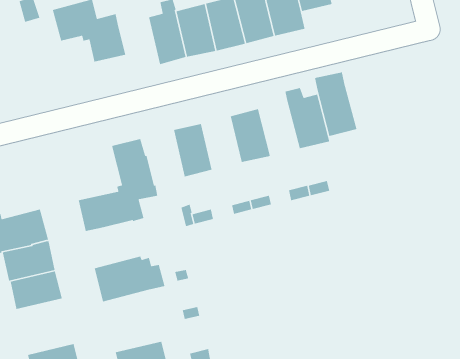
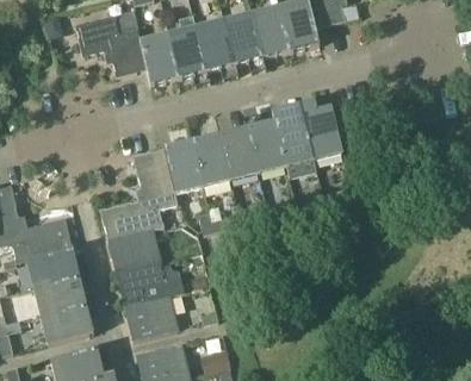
building: none -> [140,32,179,86]
building: [314,71,357,137] -> [272,104,314,167]
building: none -> [219,127,258,180]
building: none -> [161,140,203,194]
building: none -> [107,229,161,274]
building: none -> [124,295,178,341]
building: none -> [41,304,93,344]

